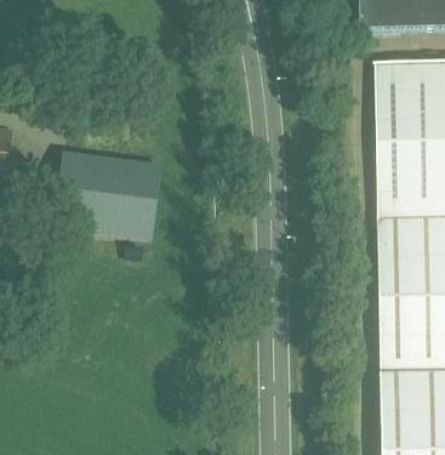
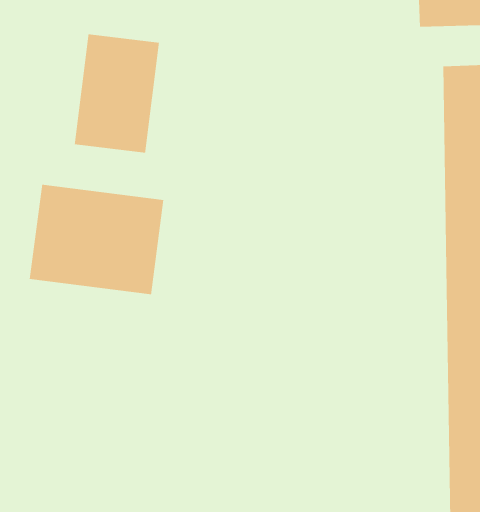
building: none -> [74,33,160,154]

